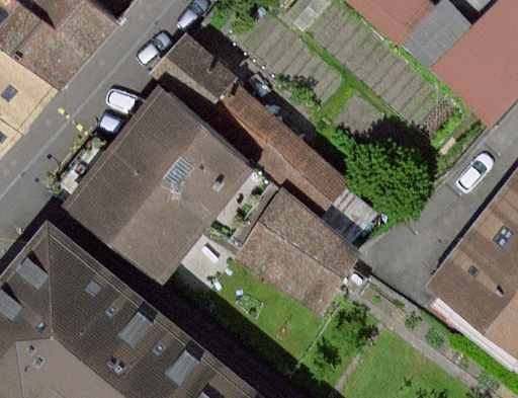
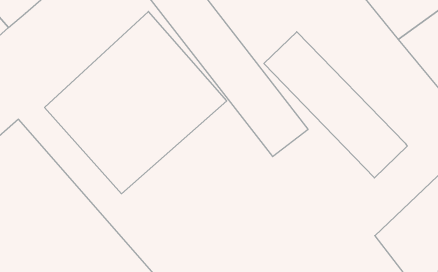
building: none -> [264,32,407,178]
building: [234,193,366,320] -> none

